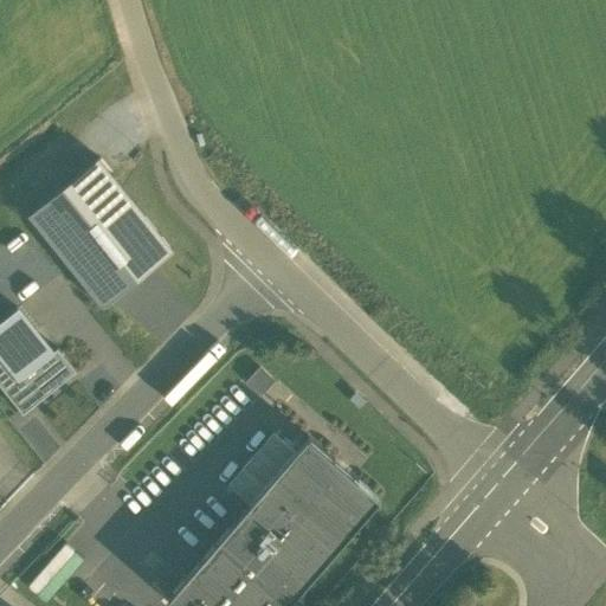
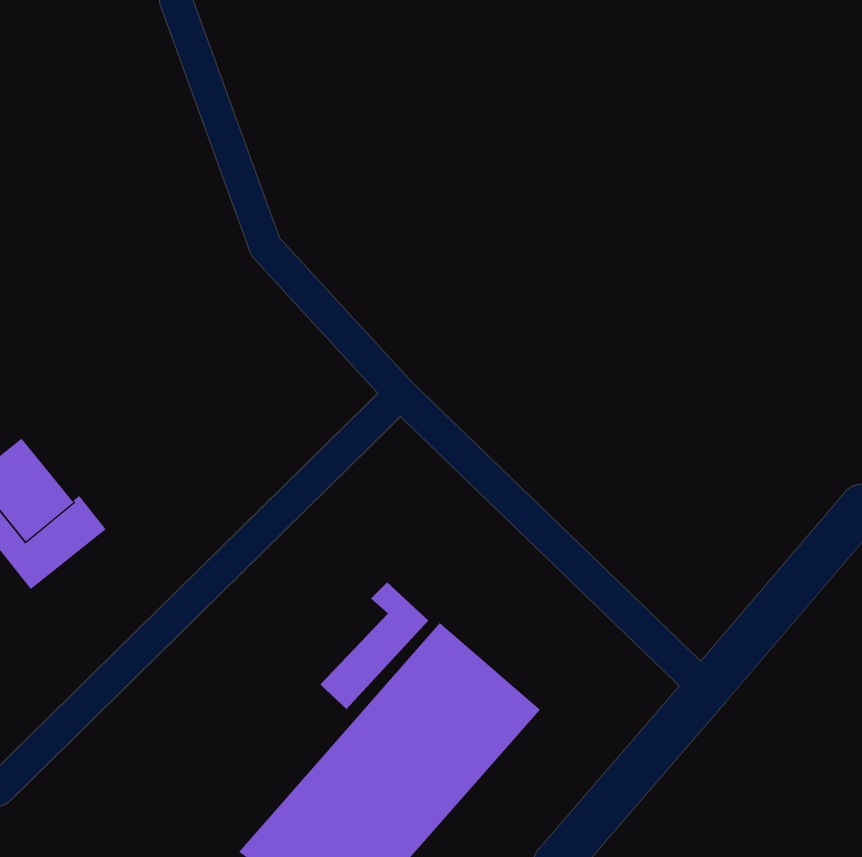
building: [26,161,172,310] -> none

